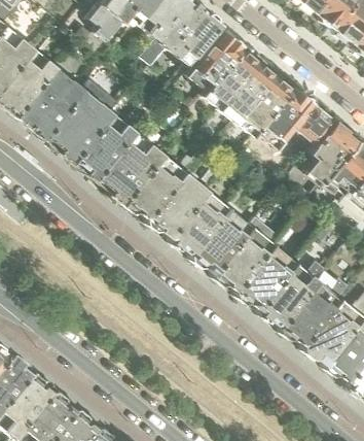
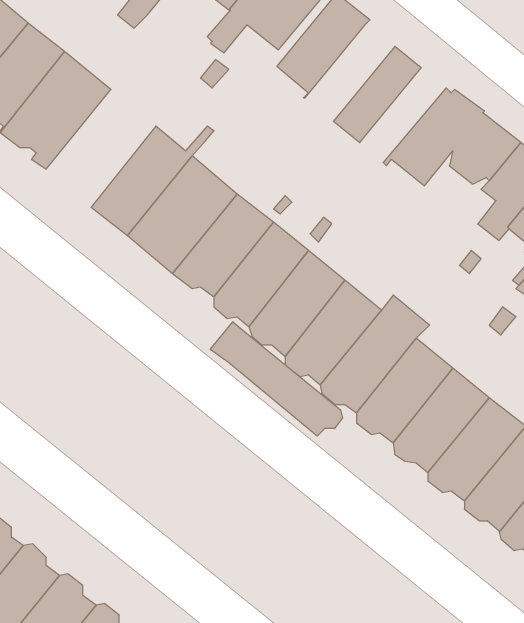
building: [204,47,259,108] -> none
building: [238,75,291,134] -> none
building: [43,89,111,162] -> none
building: none -> [210,322,342,436]

